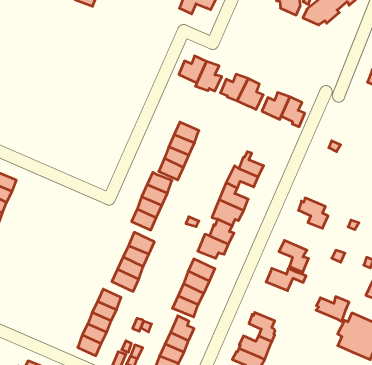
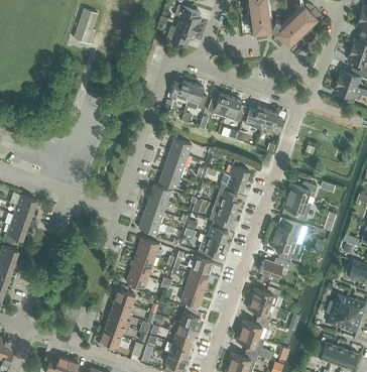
building: none -> [288,182,318,203]
building: none -> [273,221,303,243]
building: [316,297,349,321] -> [252,286,280,307]

